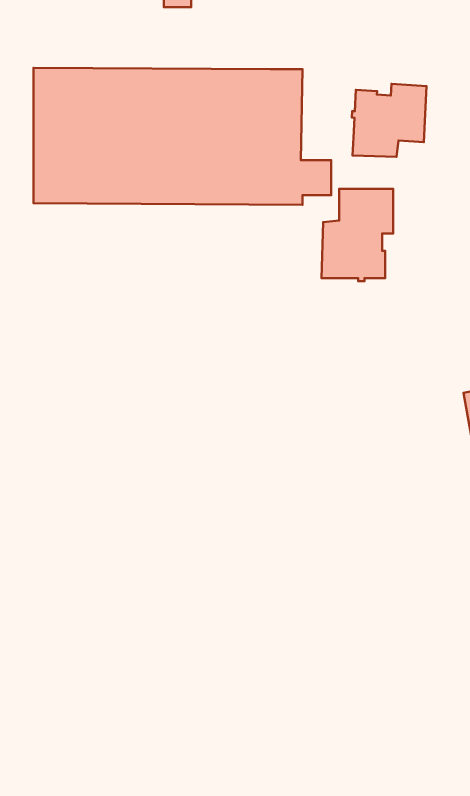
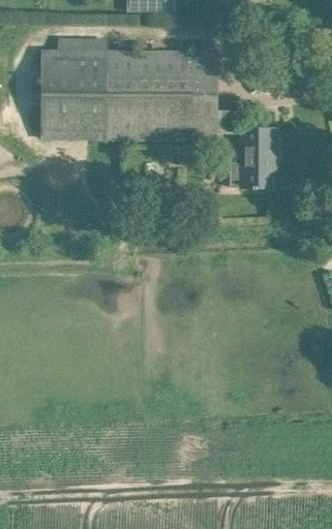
building: [352,84,427,157] -> none

